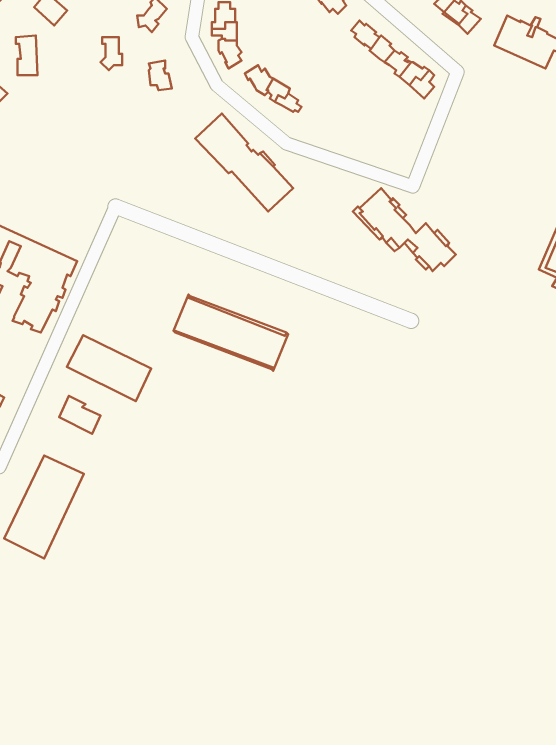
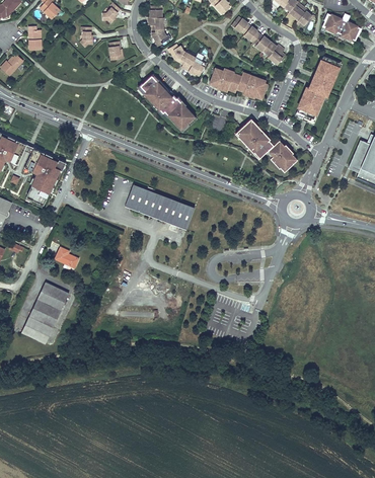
building: none -> [294,55,343,126]
building: none -> [210,68,267,98]
building: [67,335,151,401] -> none

